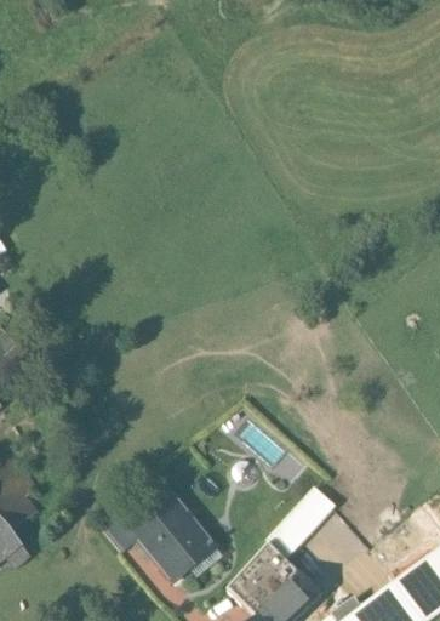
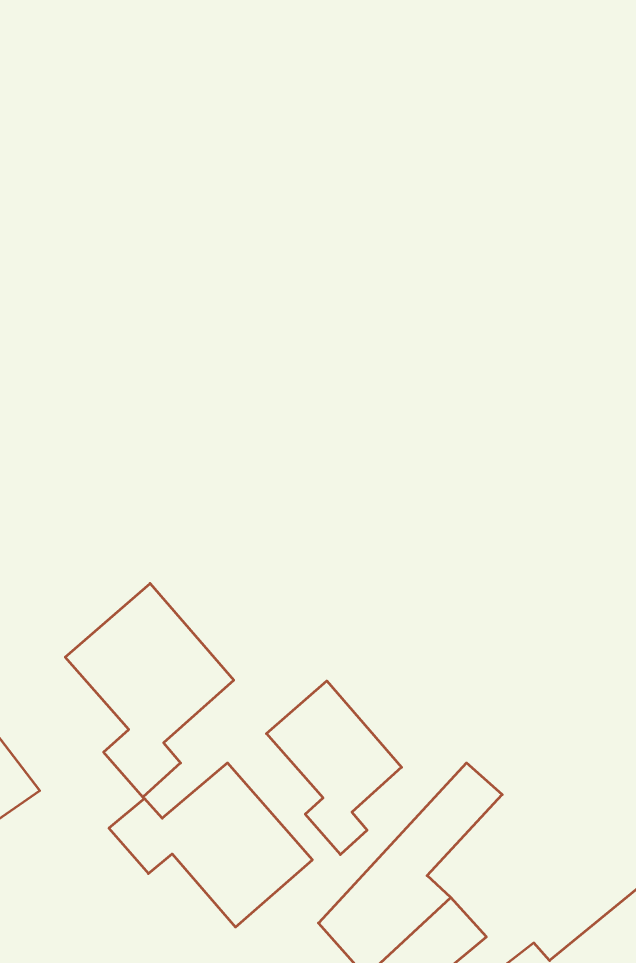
building: none -> [65,583,234,797]
building: none -> [266,681,402,855]

